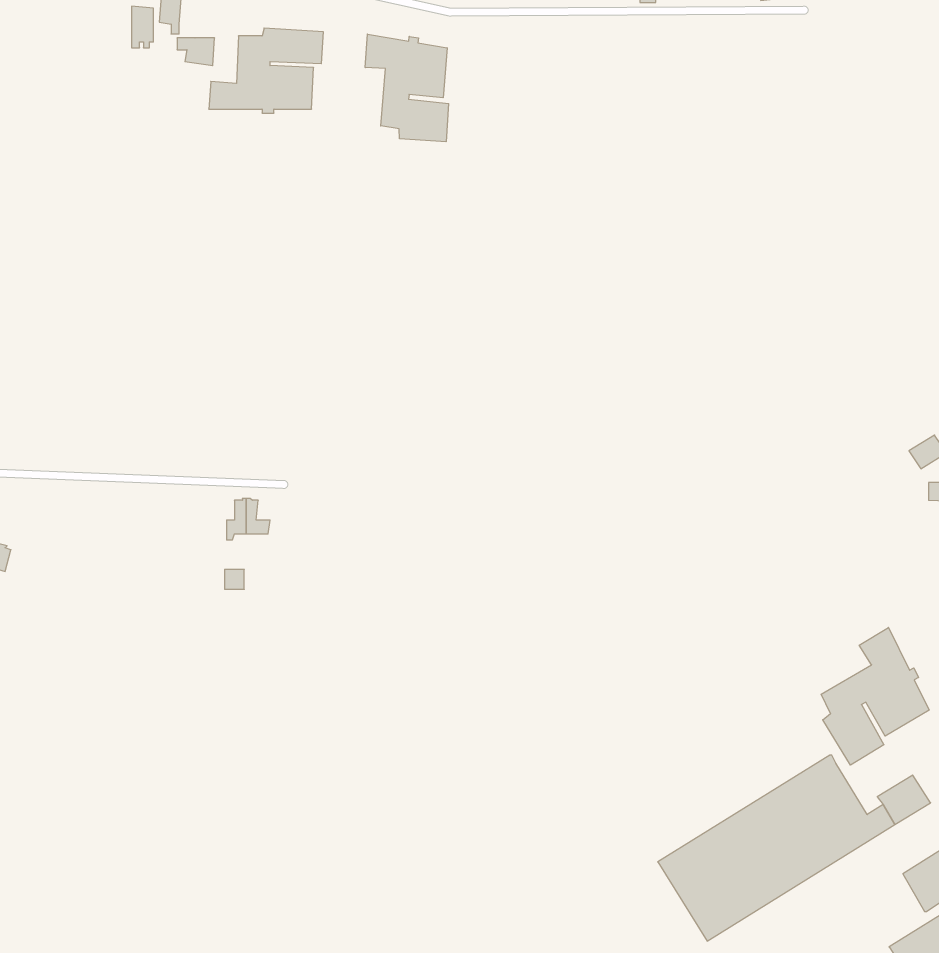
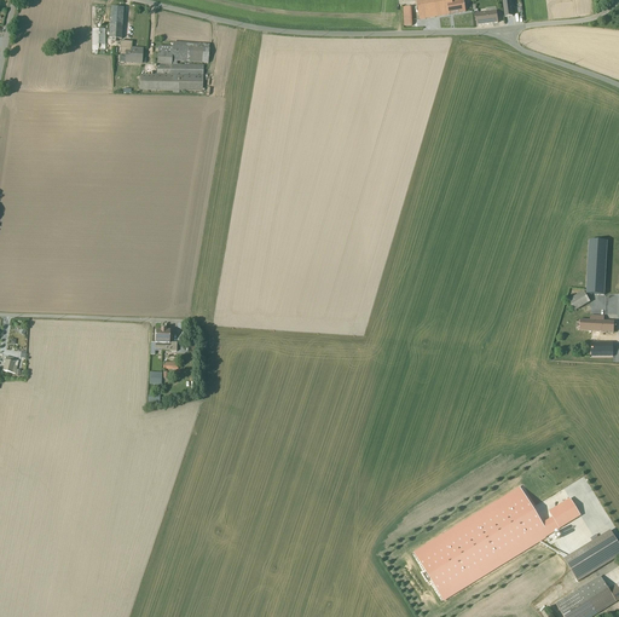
building: [365,34,449,142] -> none
building: [821,627,929,765] -> none

